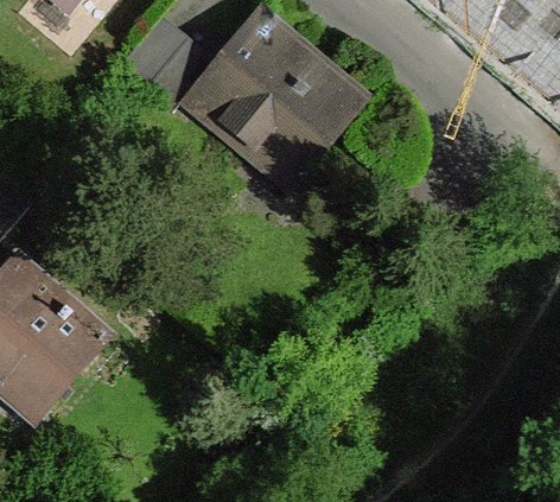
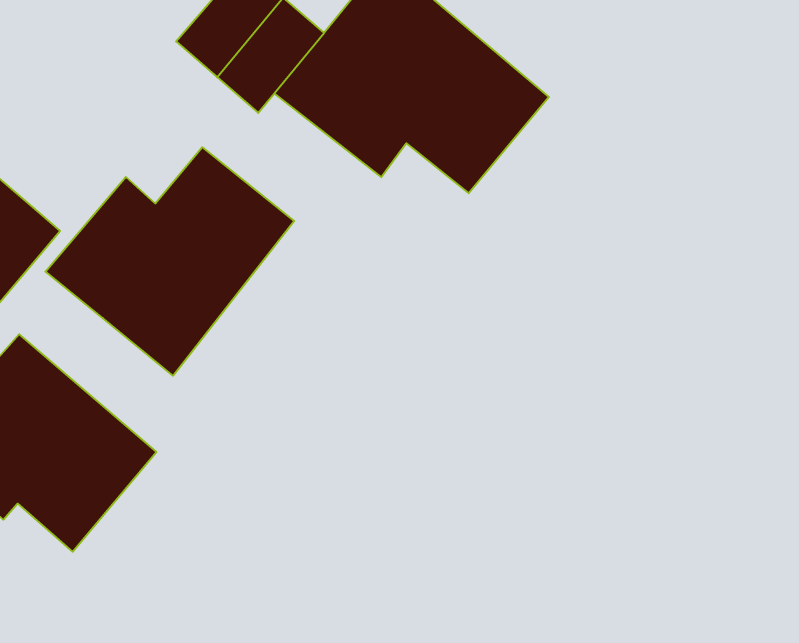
building: none -> [45,147,294,376]

